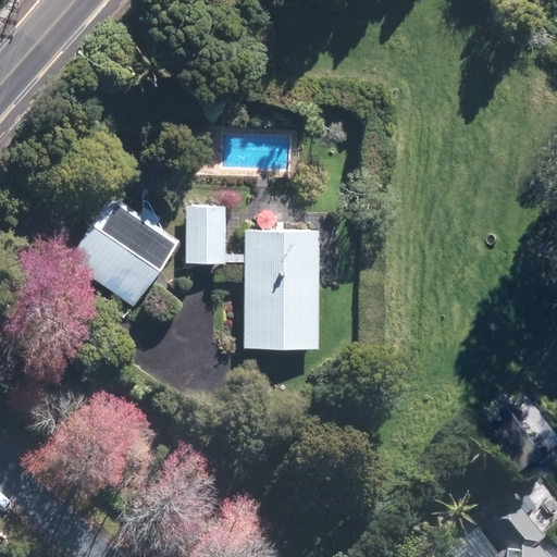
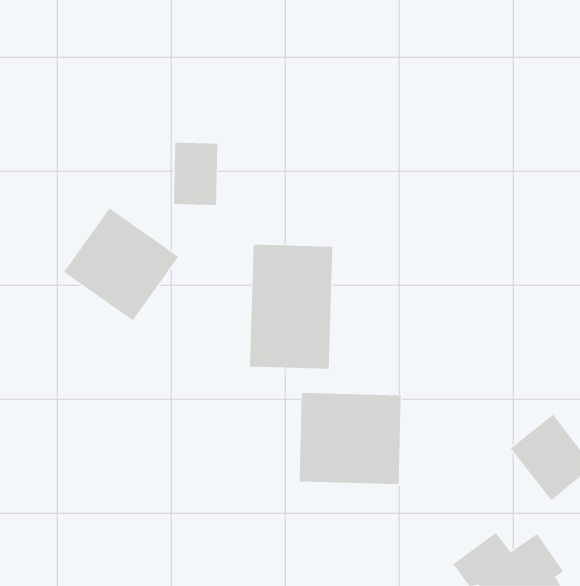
building: [186,207,228,267] -> [173,142,218,205]
building: none -> [299,392,401,485]

